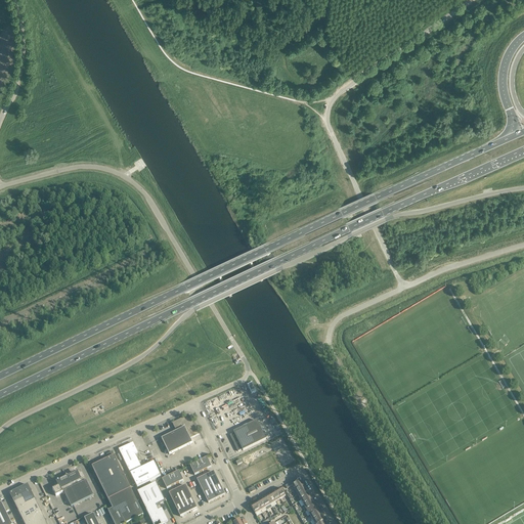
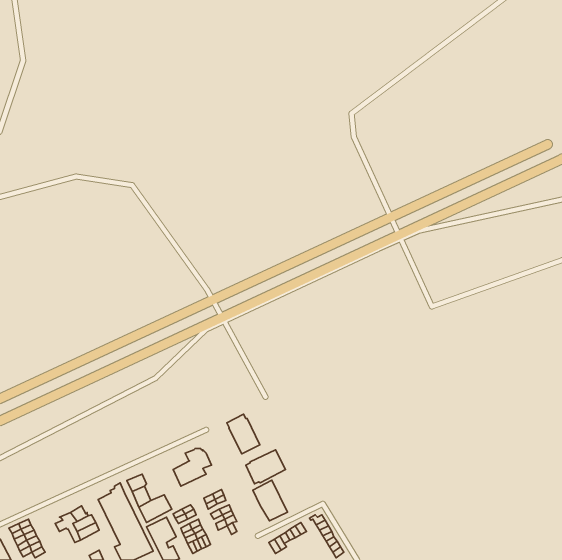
building: none -> [227,414,260,454]
building: none -> [253,480,288,521]

